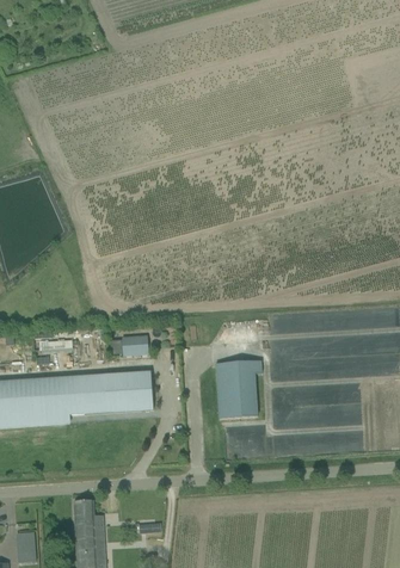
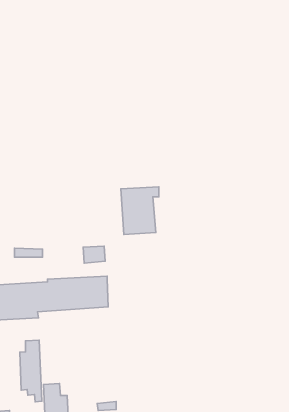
building: [216,360,261,418] -> [121,187,159,235]
building: none -> [20,340,42,402]

